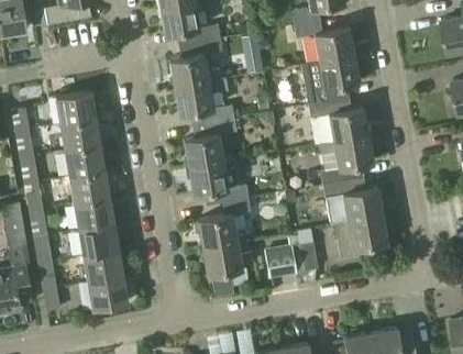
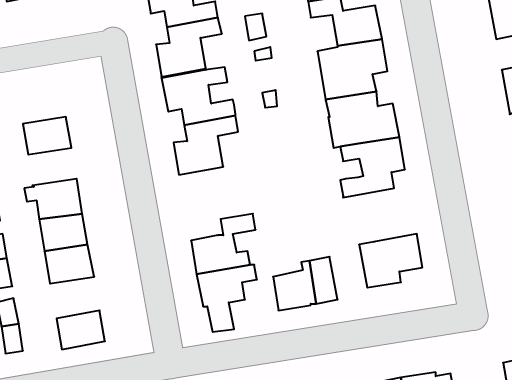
building: [55,91,96,125] -> none
building: [65,145,104,176] -> none
building: [188,161,249,207] -> none
building: [322,178,383,225] -> none
building: [82,251,123,285] -> none

